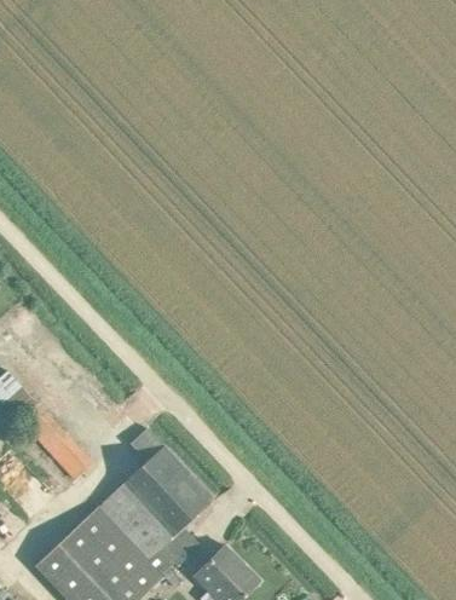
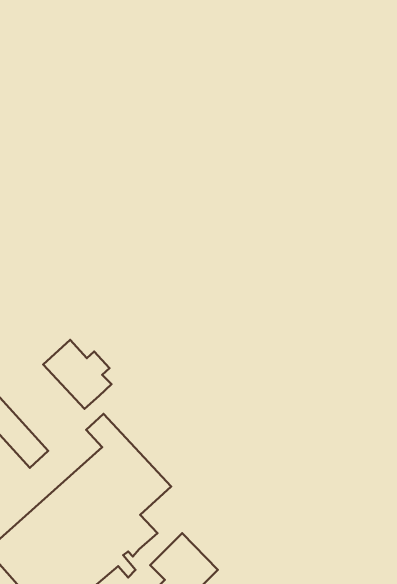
building: none -> [43,340,112,409]

